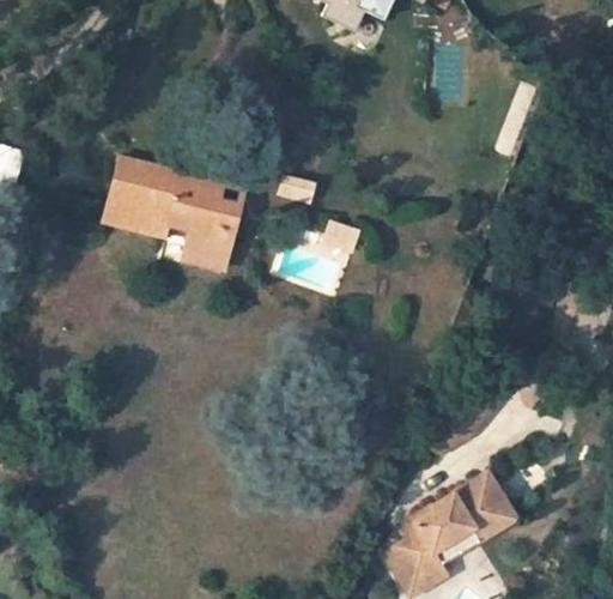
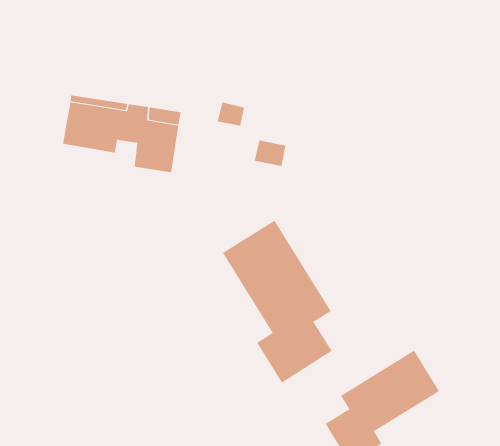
building: none -> [222,220,332,383]

